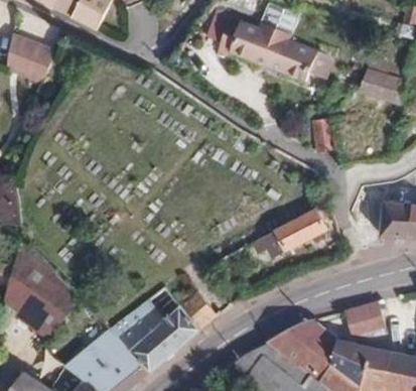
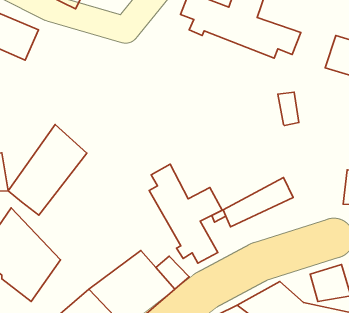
building: none -> [8,124,87,215]
building: none -> [149,164,222,263]

